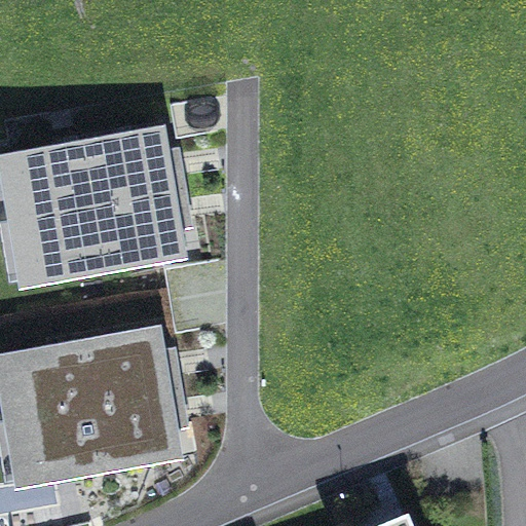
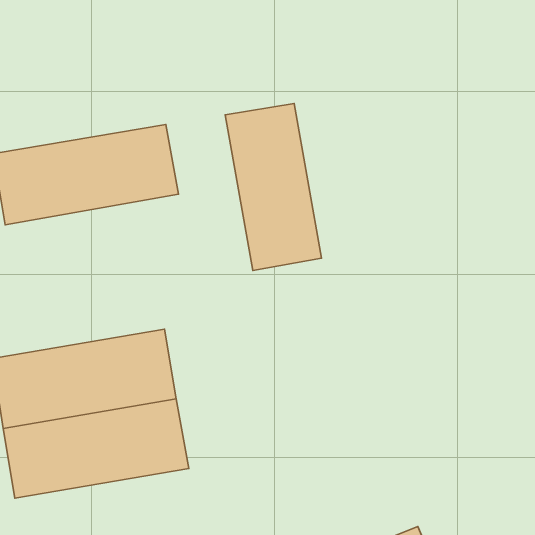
building: none -> [225,104,321,271]
building: [5,193,185,291] -> none

